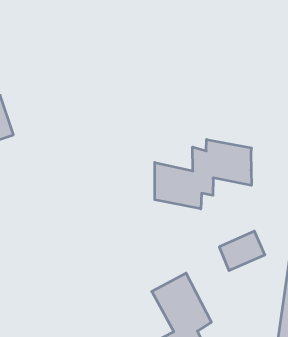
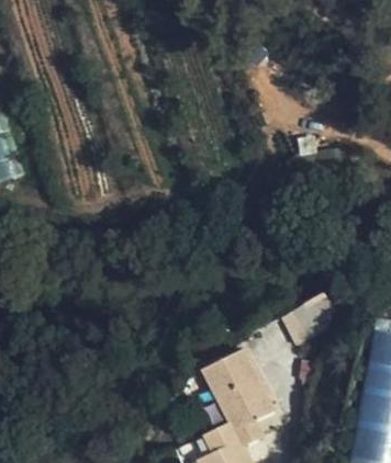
building: [155,139,251,209] -> none

